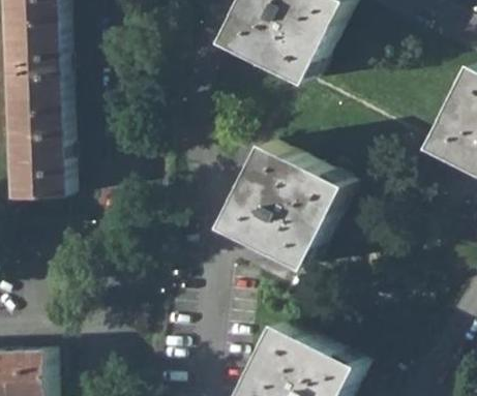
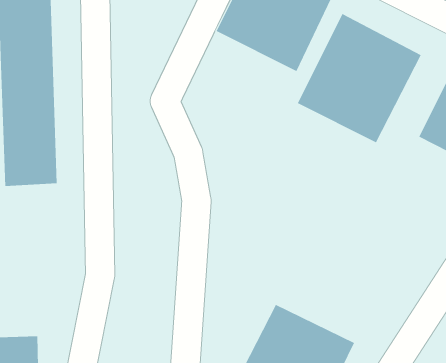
building: none -> [297,13,422,143]
building: [221,145,347,272] -> none

